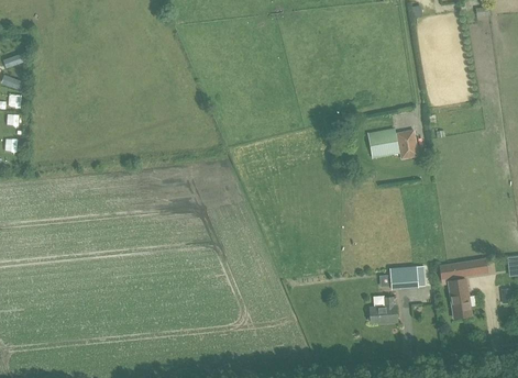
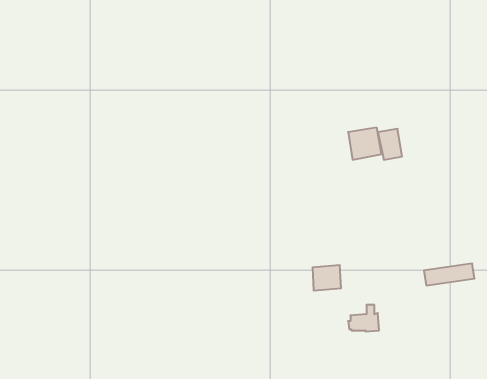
building: [390,265,418,289] -> [312,265,341,291]
building: [448,278,472,318] -> none

